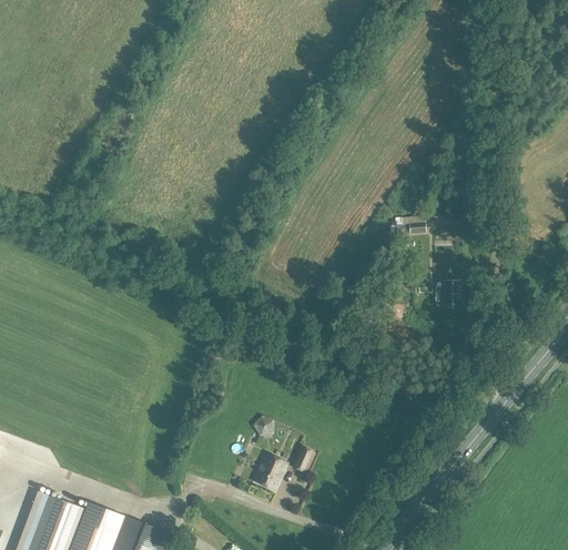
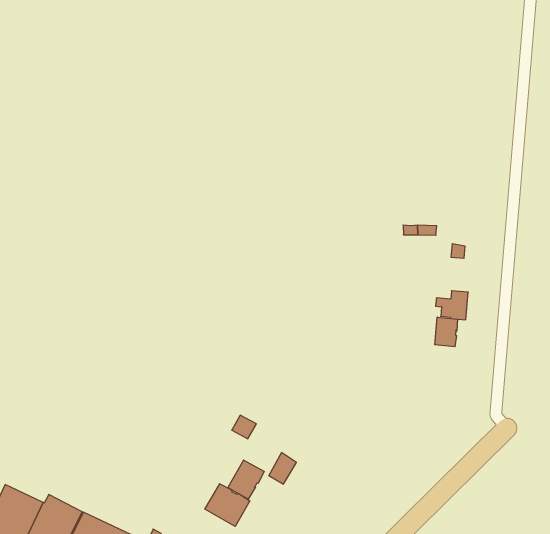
building: none -> [435,317,457,347]
building: none -> [205,484,250,526]

